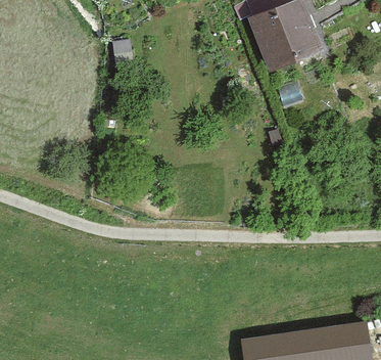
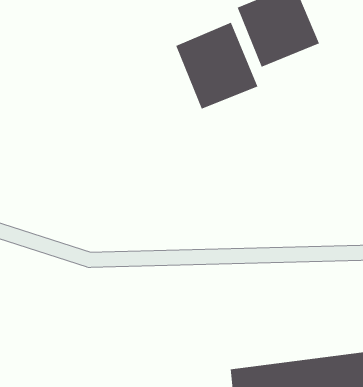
building: none -> [175,22,258,110]

